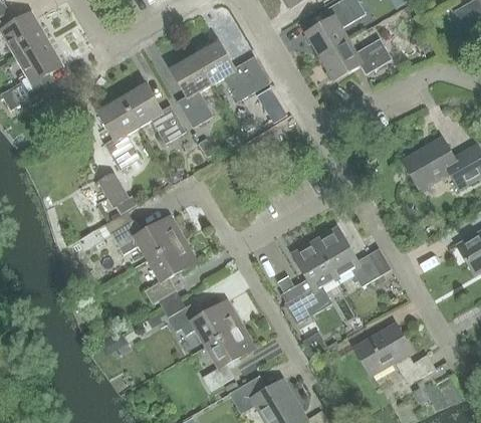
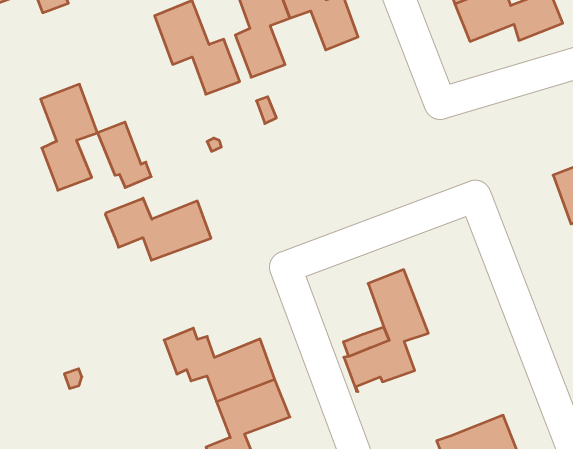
building: [256,86,286,123] -> none
building: [97,97,140,170] -> [41,84,98,190]
building: [313,225,391,286] -> none
building: [144,238,196,310] -> none

